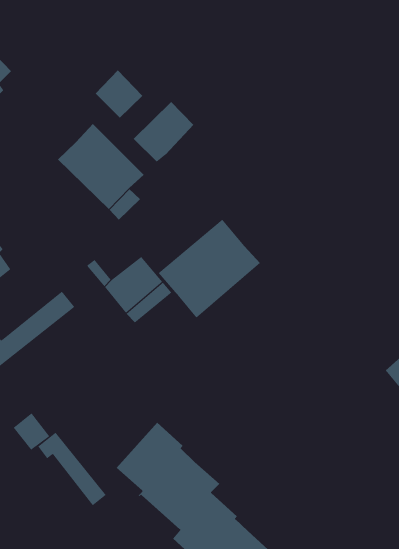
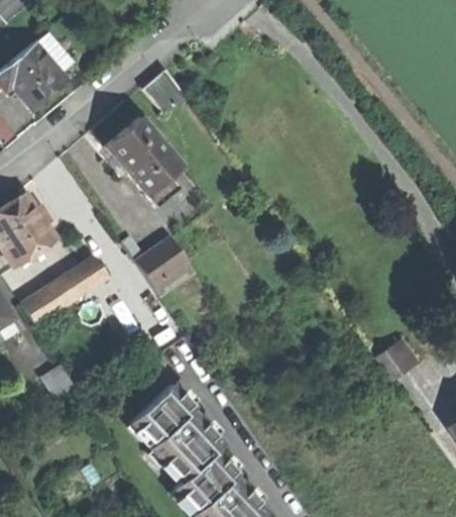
building: [133,101,194,162] -> none
building: [158,219,261,319] -> none
building: [38,432,106,506] -> none

